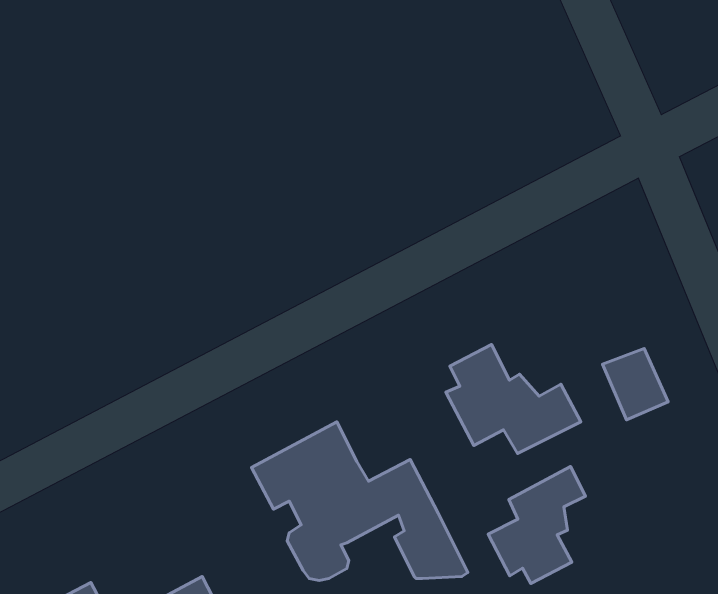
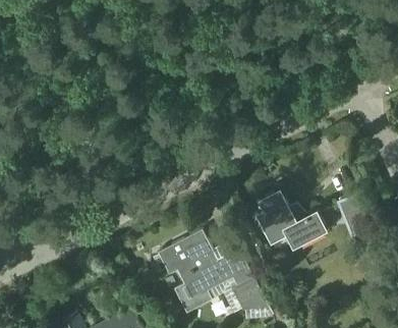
building: [488,467,586,583] -> none

